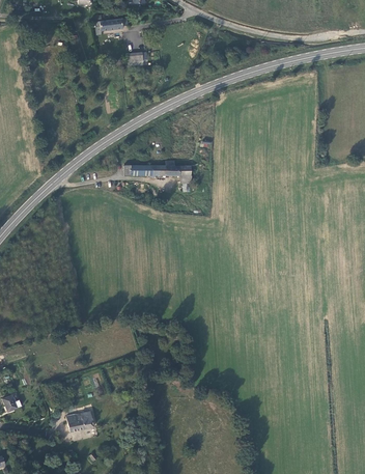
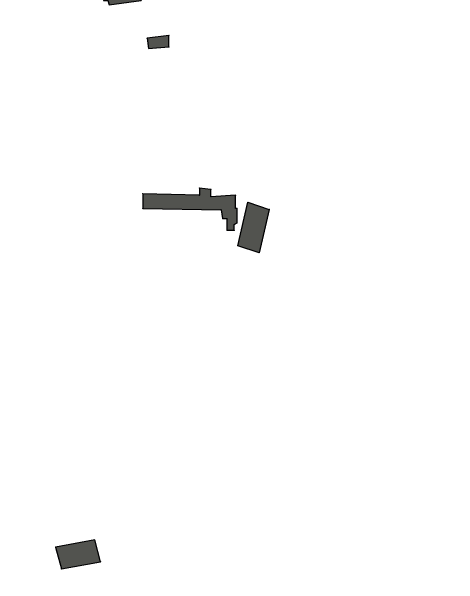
building: none -> [238,202,269,253]

